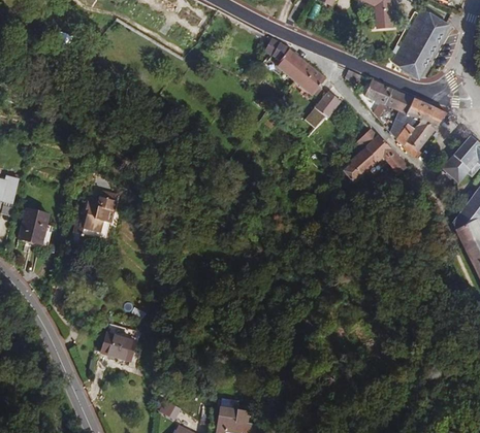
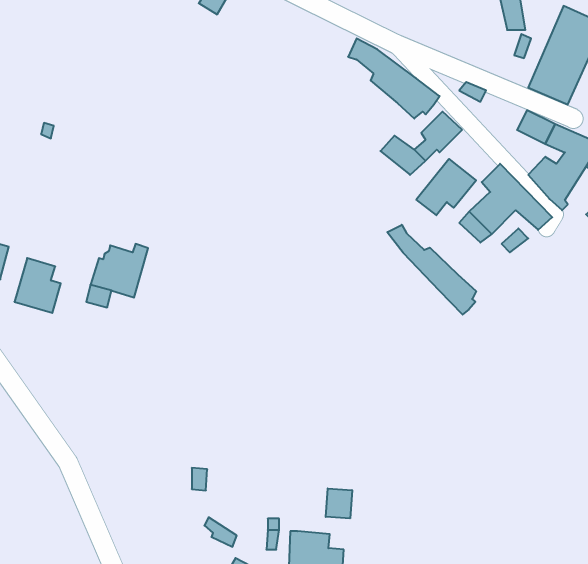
building: [365,78,393,118] -> none
building: none -> [416,159,476,215]
building: none -> [387,225,476,315]
building: [101,327,133,351] -> none
building: none -> [326,488,352,518]

